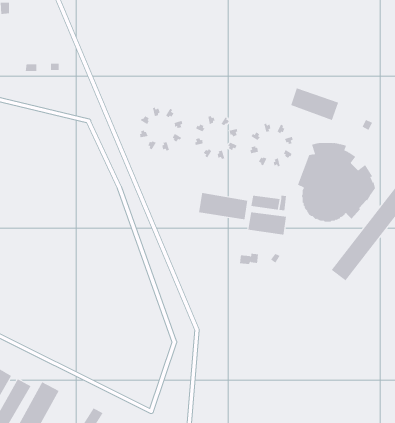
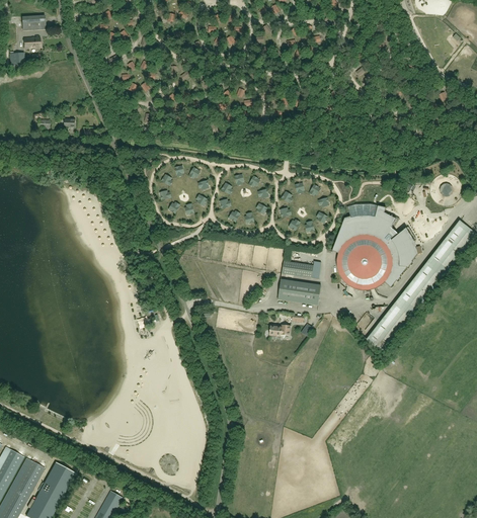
building: [290,87,339,121] -> none
building: [199,192,248,220] -> none

